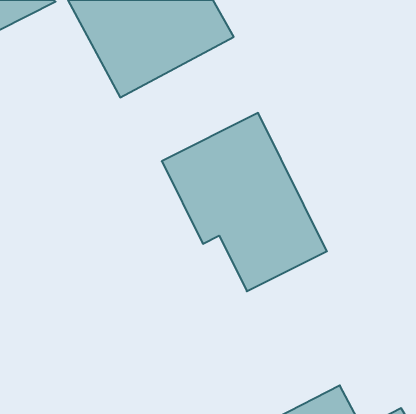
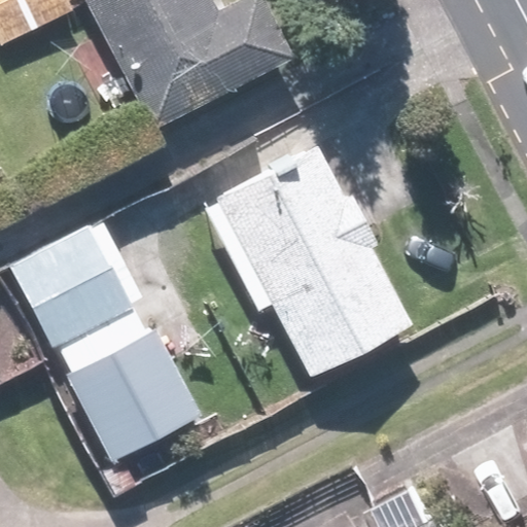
building: none -> [6,220,200,459]

